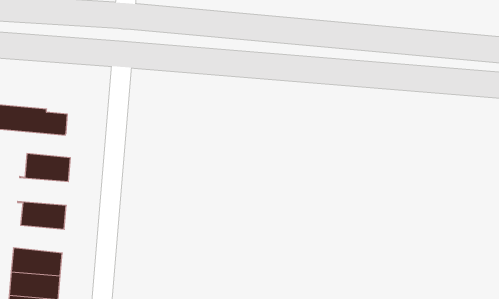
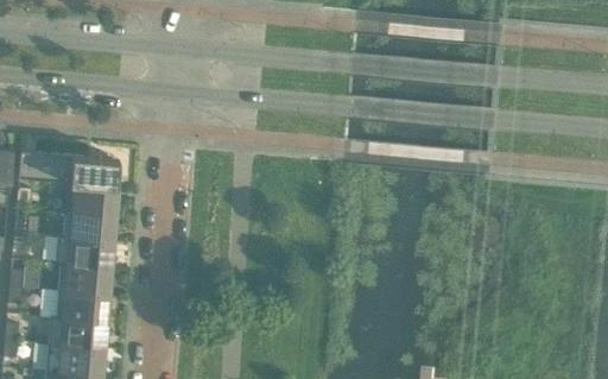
building: none -> [63,182,115,211]
building: none -> [52,234,110,266]
building: none -> [48,289,106,321]

